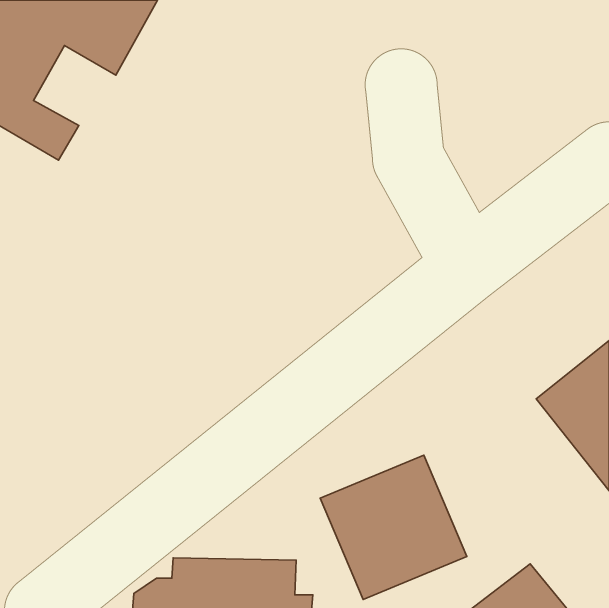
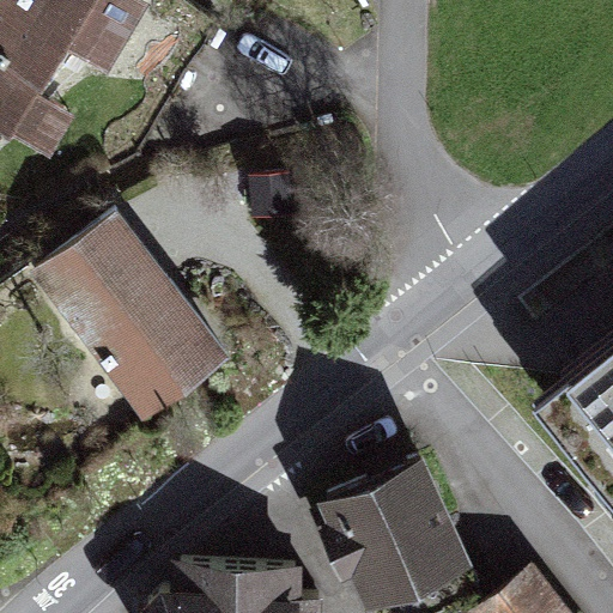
building: none -> [29,208,230,421]

